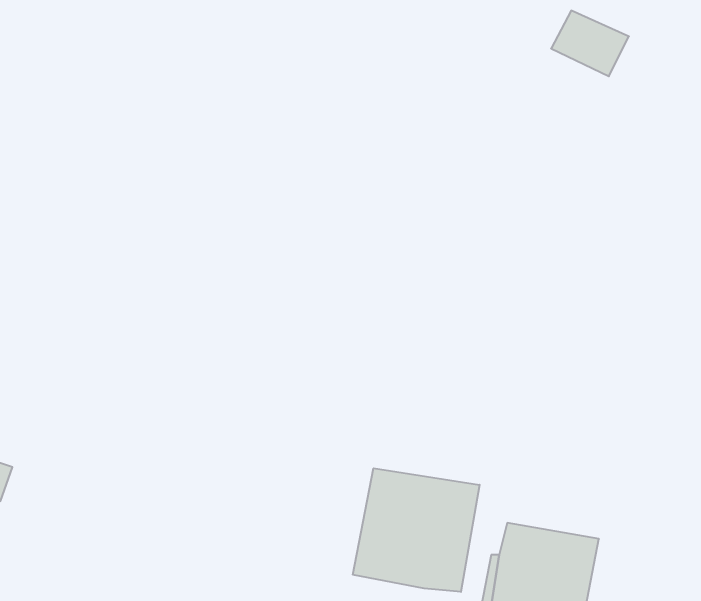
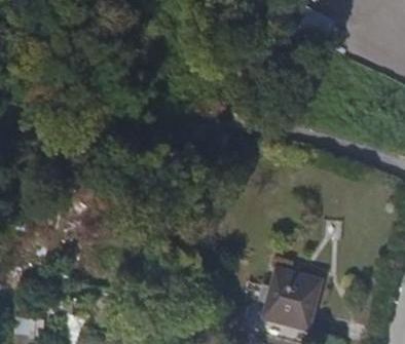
building: [353,468,480,592] -> none

